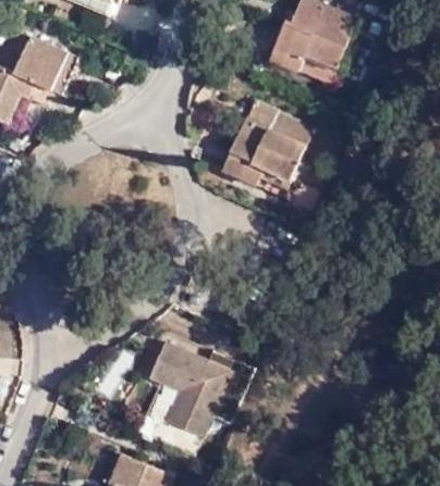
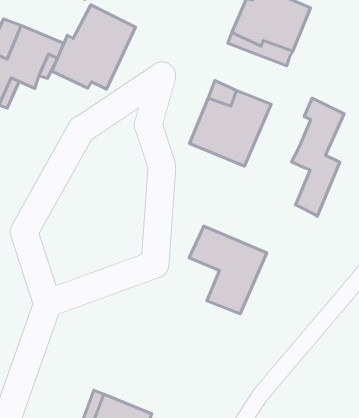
building: none -> [52,5,136,89]
building: none -> [292,98,344,216]
building: [145,336,231,433] -> [189,226,267,314]

